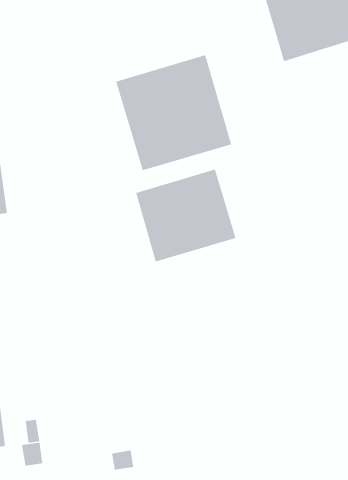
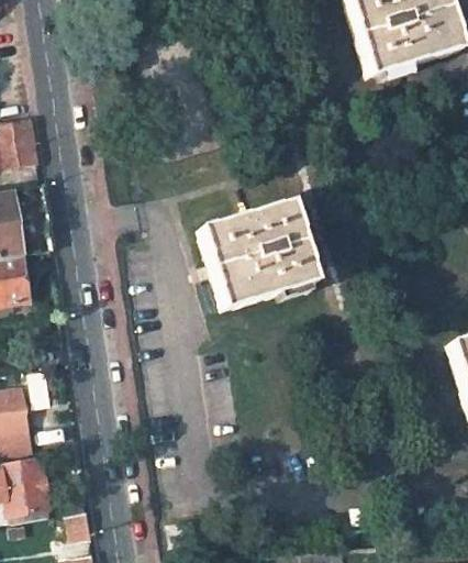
building: [115,54,232,171] -> none

